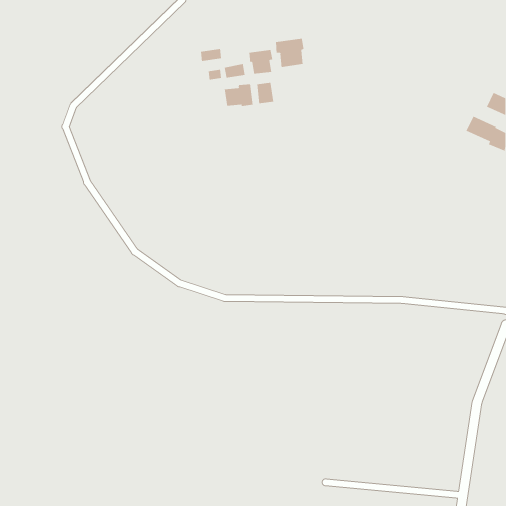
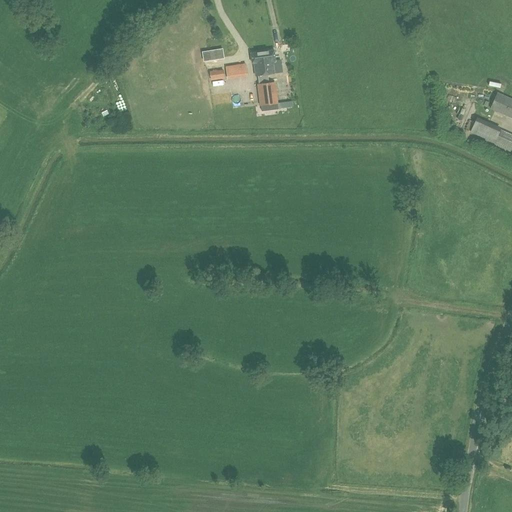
building: [275,38,304,68] -> none
building: [224,84,253,107] -> none

